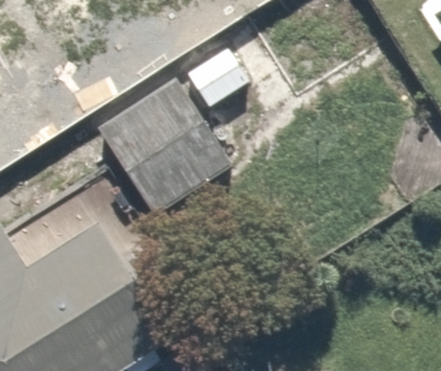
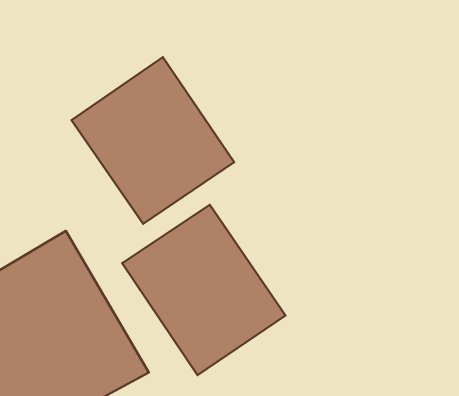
building: none -> [122,205,285,375]

